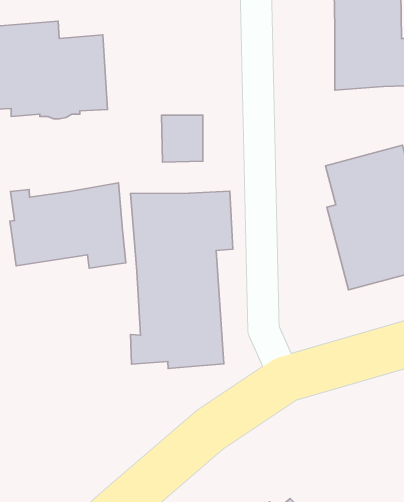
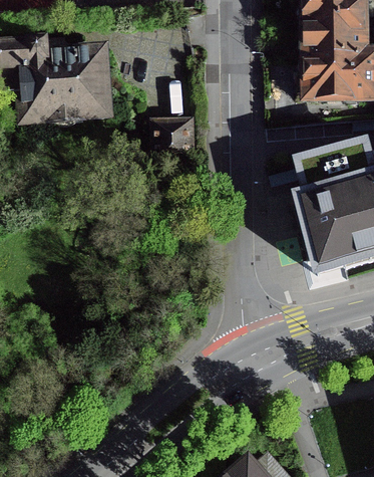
building: [10,183,126,268] -> none
building: [131,191,233,368] -> none

